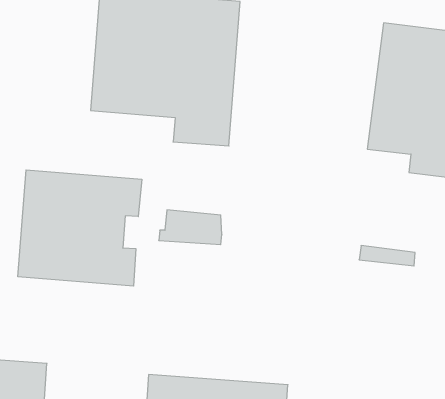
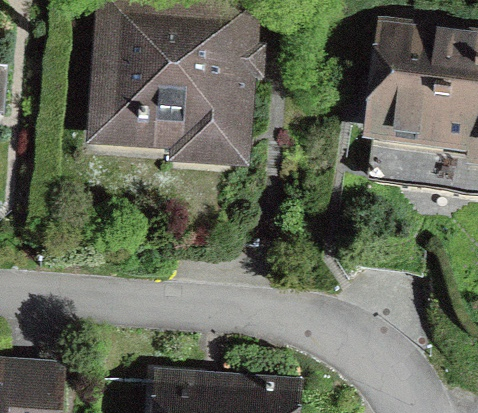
building: [18,170,142,286] -> none

